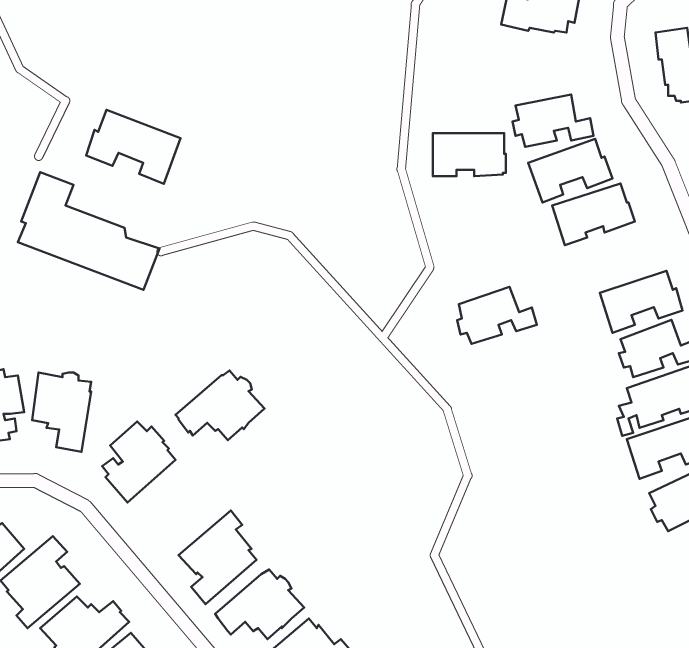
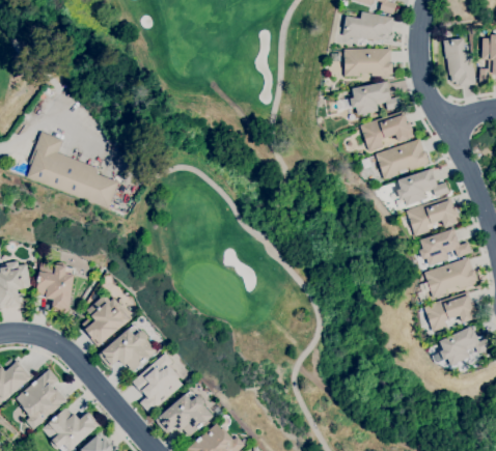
building: [86,110,181,184] -> none
building: [433,133,506,176] -> [345,49,392,77]
building: [457,287,537,344] -> [397,168,449,205]
building: [175,370,264,440] -> [99,326,157,371]

